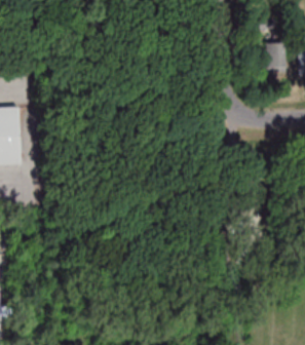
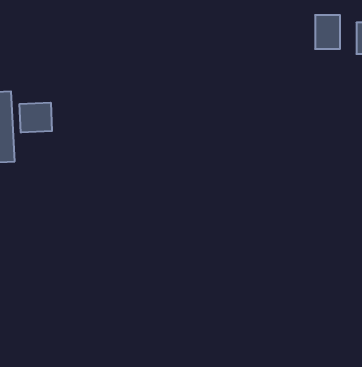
building: none -> [20,103,52,133]

